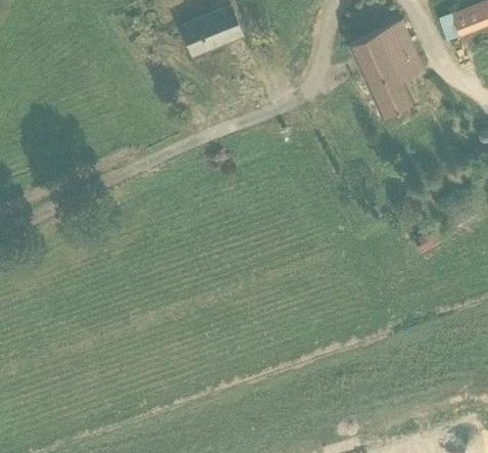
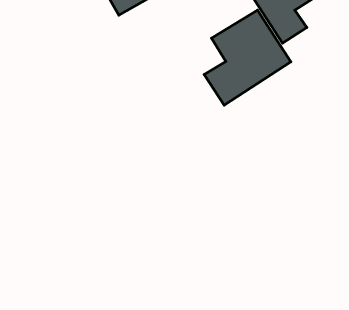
building: none -> [204,10,291,105]

